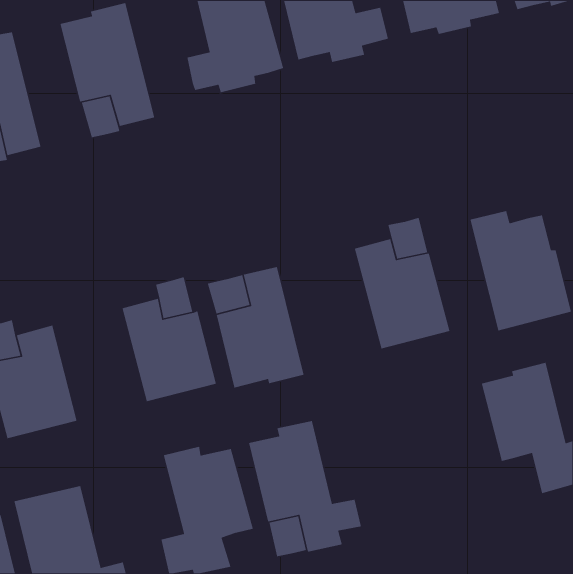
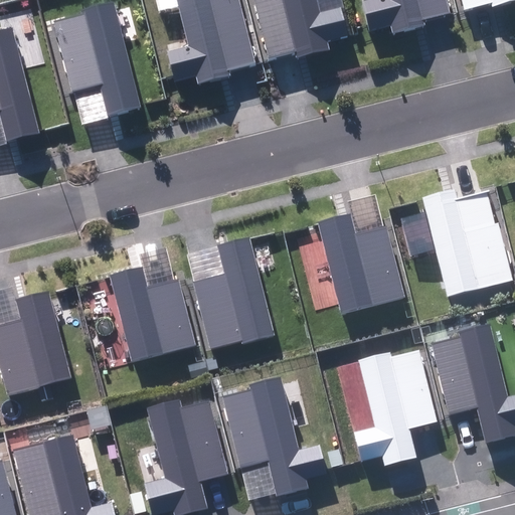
building: none -> [354,349,437,465]

